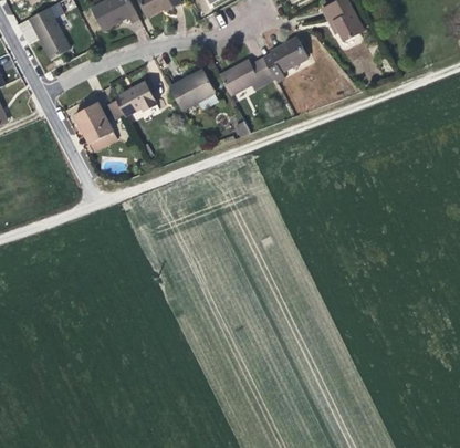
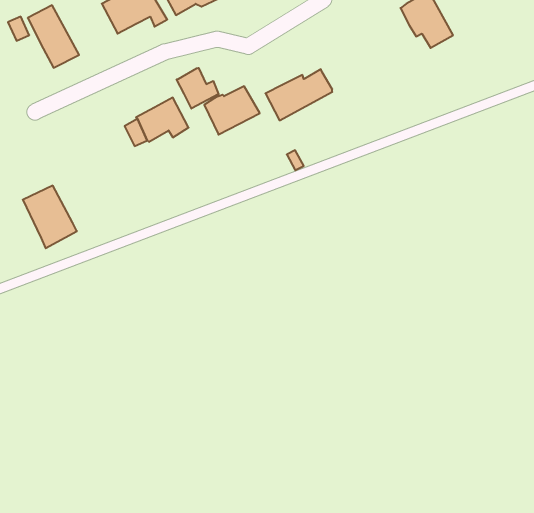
building: [262,37,307,83] -> none
building: none -> [177,68,219,109]
building: [77,102,119,150] -> [23,186,77,248]

